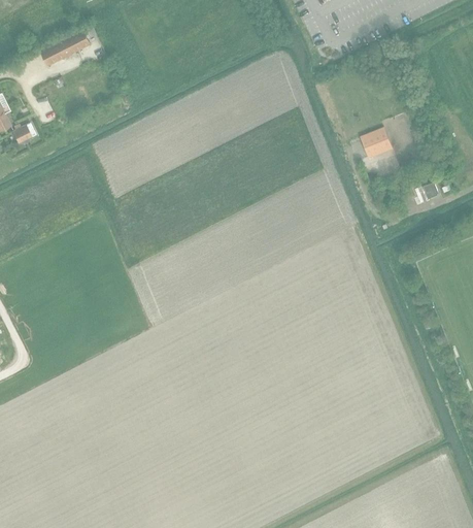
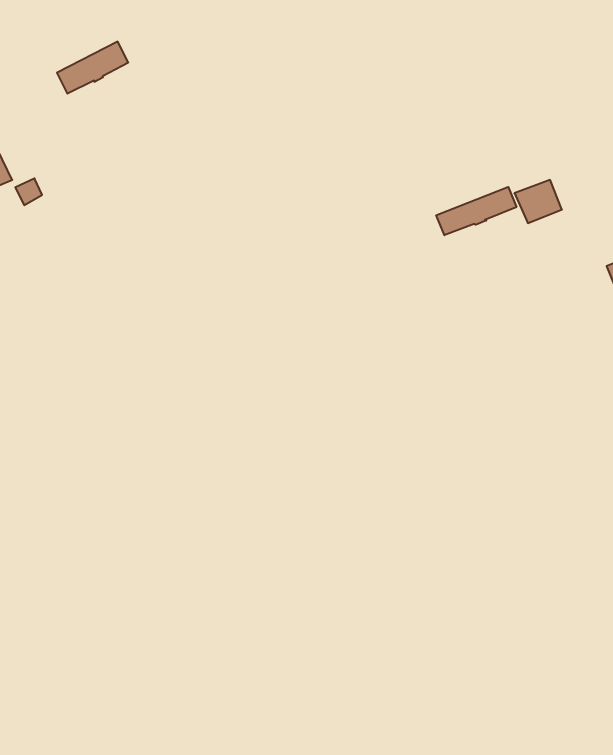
building: none -> [436,187,516,235]

